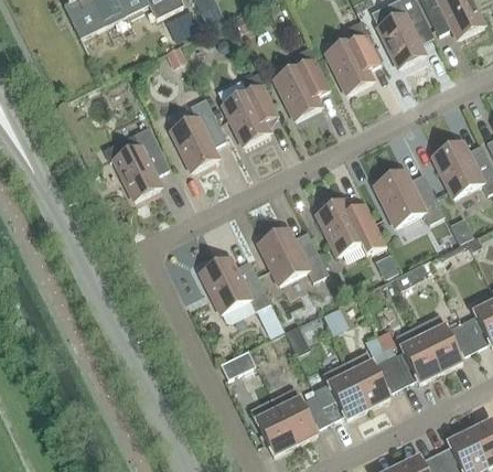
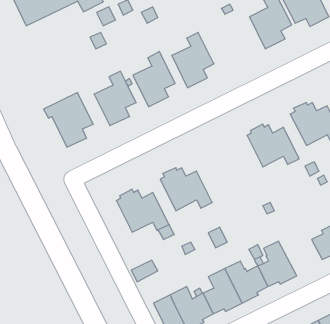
building: [324,21,381,94] -> none
building: [314,197,385,256] -> none
building: [415,314,473,372] -> none

